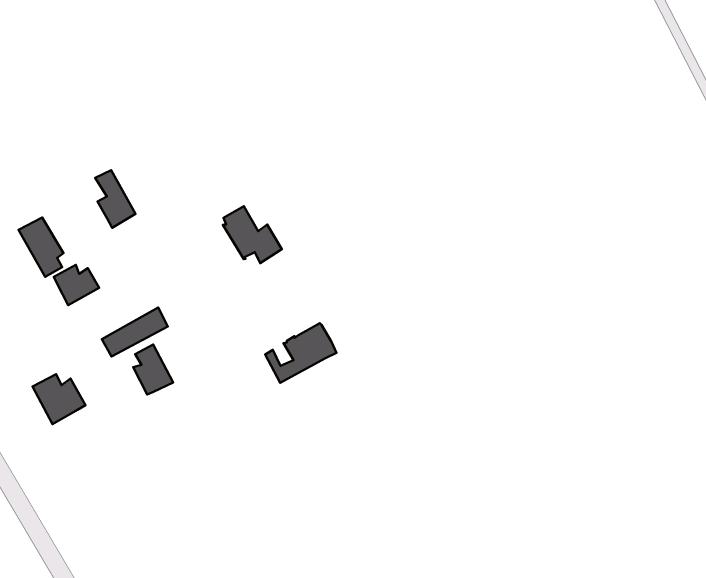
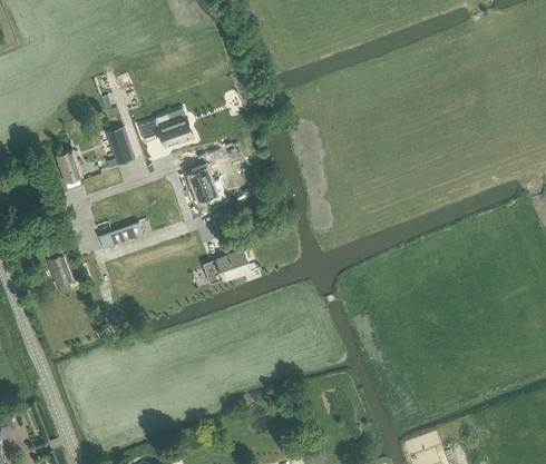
building: none -> [138,115,192,146]
building: [54,265,99,305] -> none
building: [133,345,173,395] -> none

